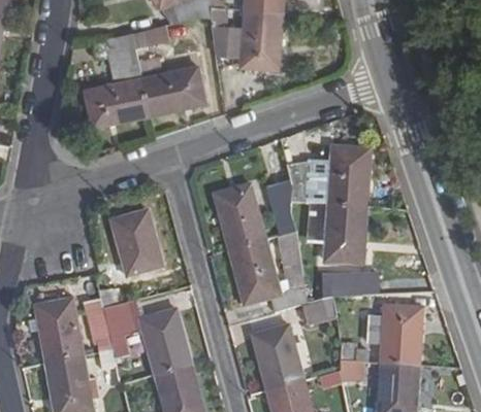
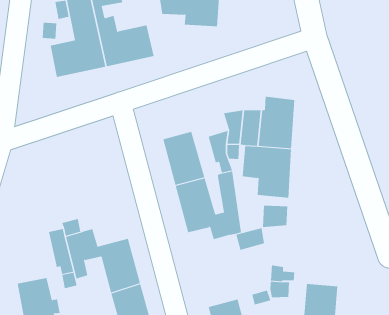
building: [111,212,161,274] -> none
building: [36,301,82,364] -> none
building: [365,307,421,367] -> none
building: [253,327,302,390] -> none

